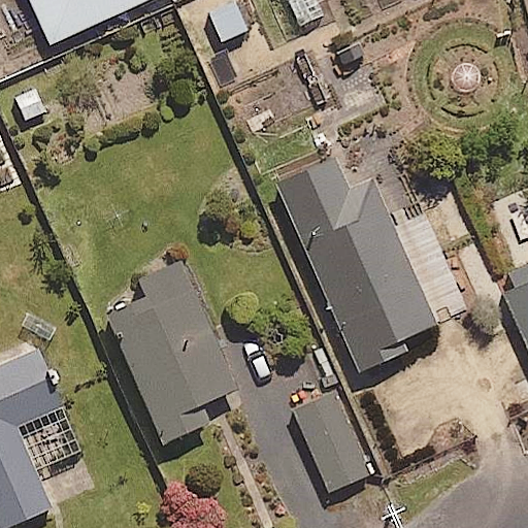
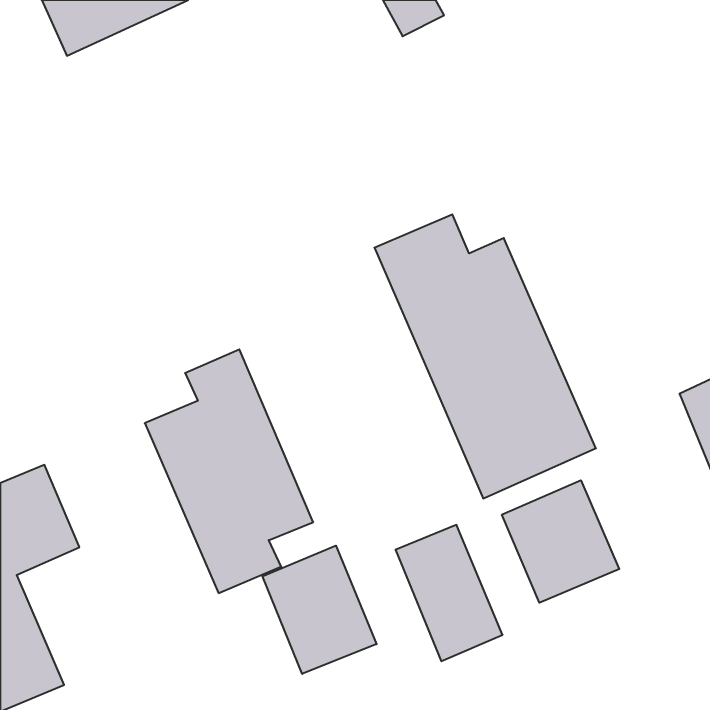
building: none -> [502,480,619,603]
building: none -> [263,546,377,674]

